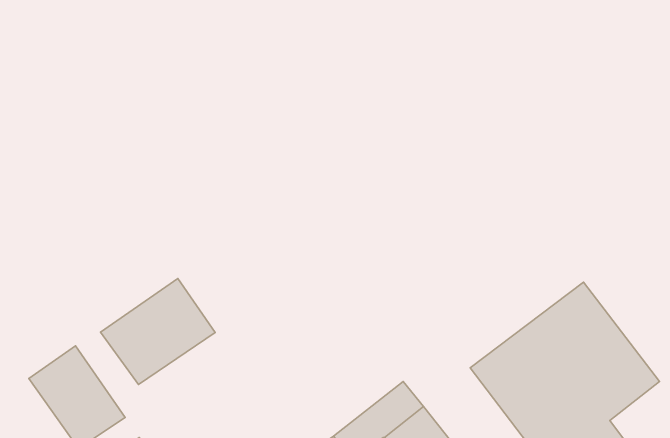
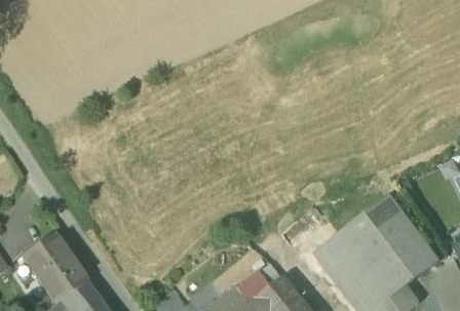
building: [101,278,215,385] -> none

